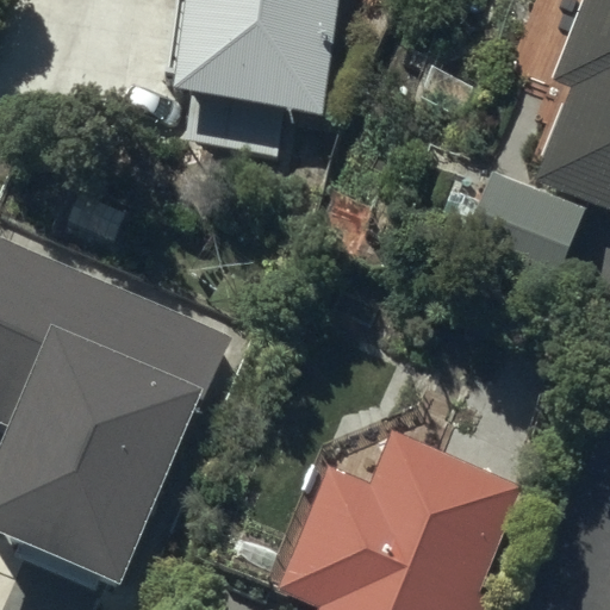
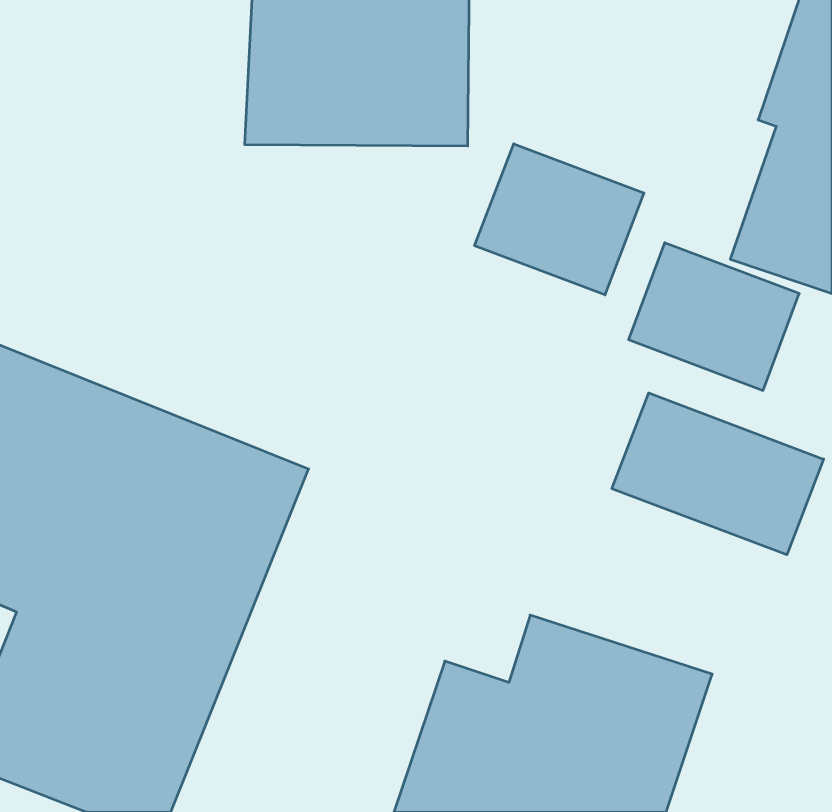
building: none -> [475,144,644,295]
building: none -> [612,393,824,555]

